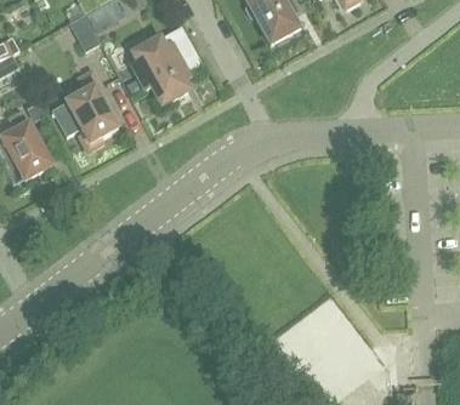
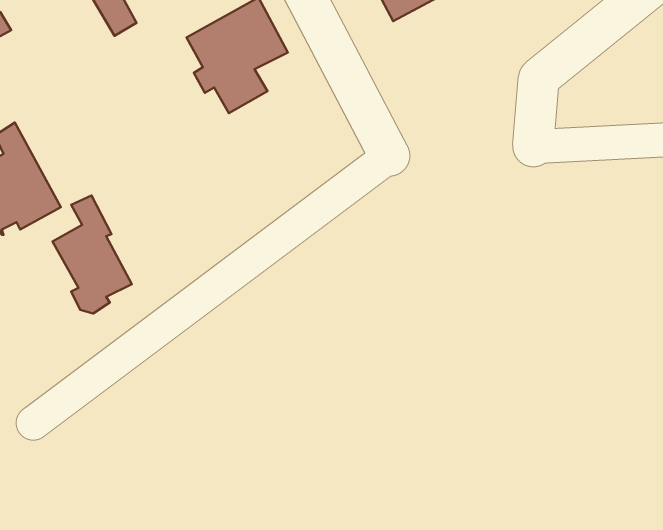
building: [66,68,118,146] -> [53,195,132,314]

